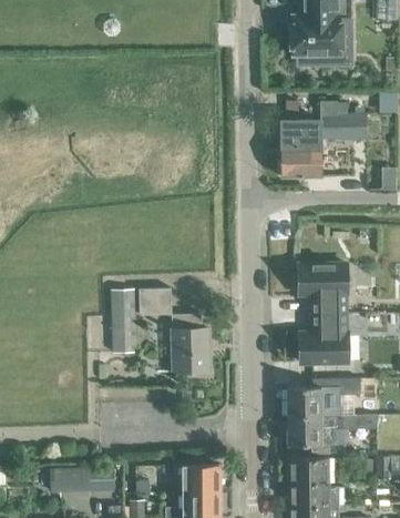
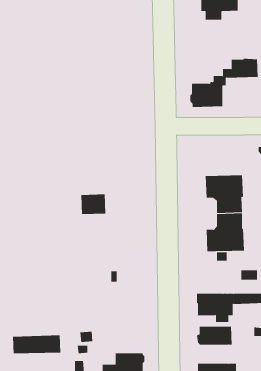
building: [281,101,347,145] -> none
building: [111,288,136,352] -> none
building: [172,313,209,370] -> none
building: [287,386,321,415] -> none
building: [183,464,222,491] -> none
building: [288,481,339,505] -> none

